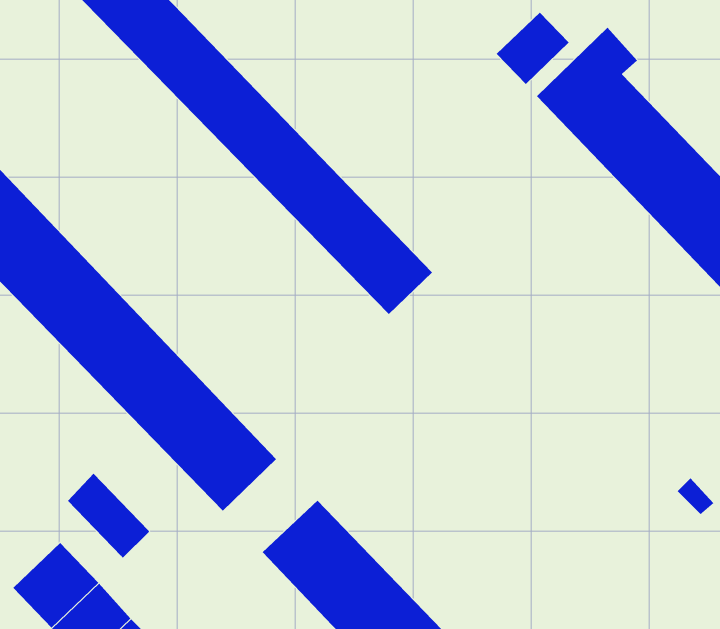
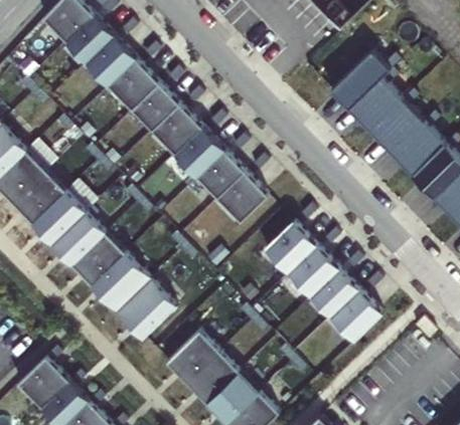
building: [496,12,570,85] -> none
building: none -> [266,222,382,341]
building: [67,473,149,559] -> none

